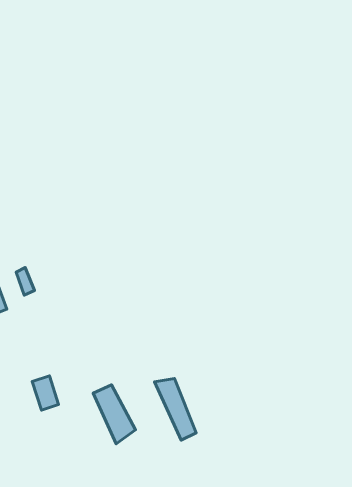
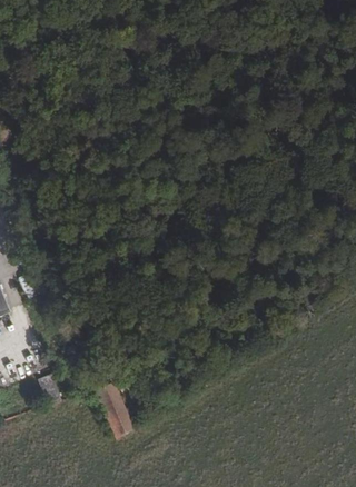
building: [155,378,196,440] -> none

